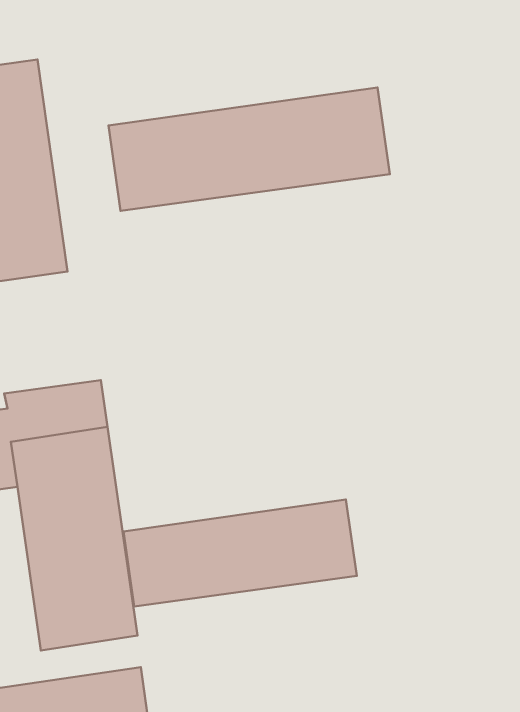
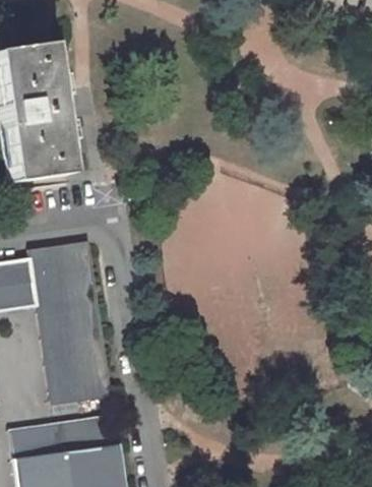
building: [109,88,390,211] -> none
building: [123,500,357,606] -> none

